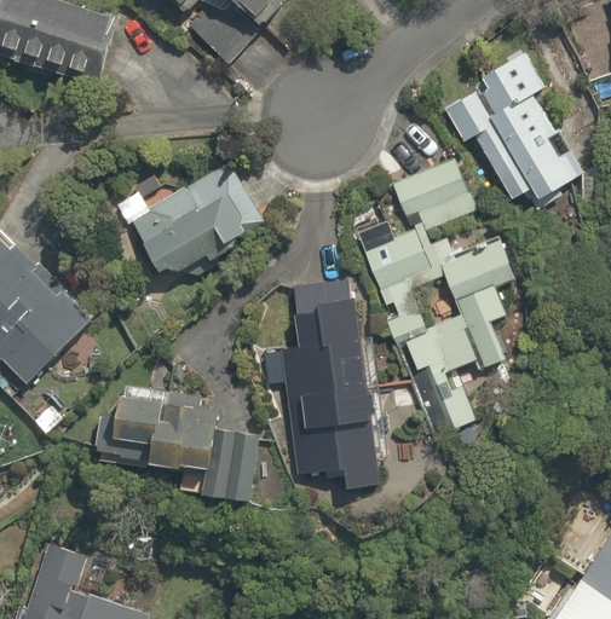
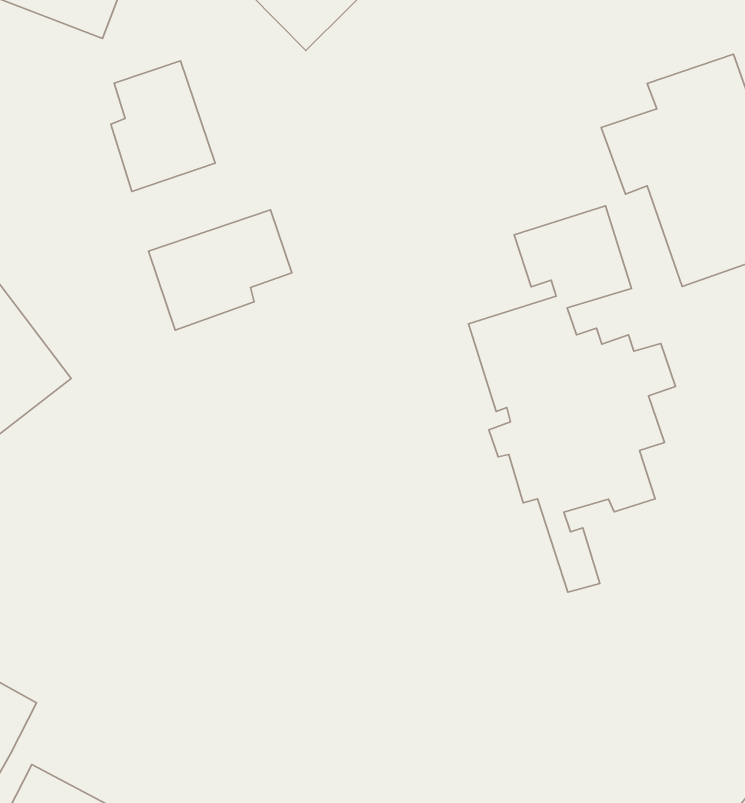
building: none -> [111,61,215,191]
building: [259,294,379,492] -> none
building: [108,394,263,503] -> none

